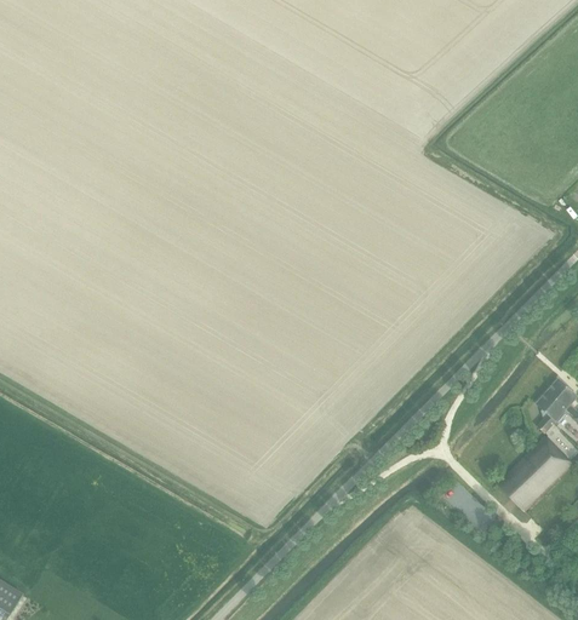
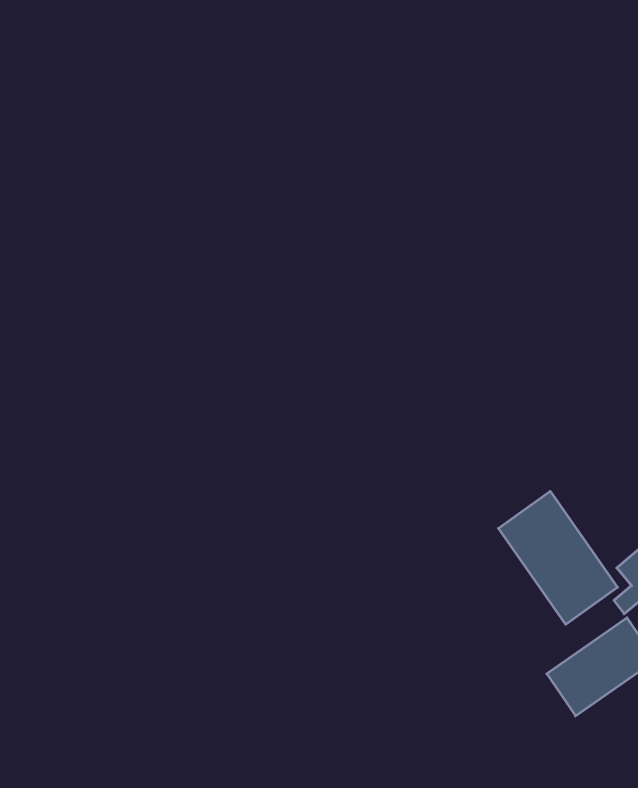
building: none -> [498,491,618,624]

